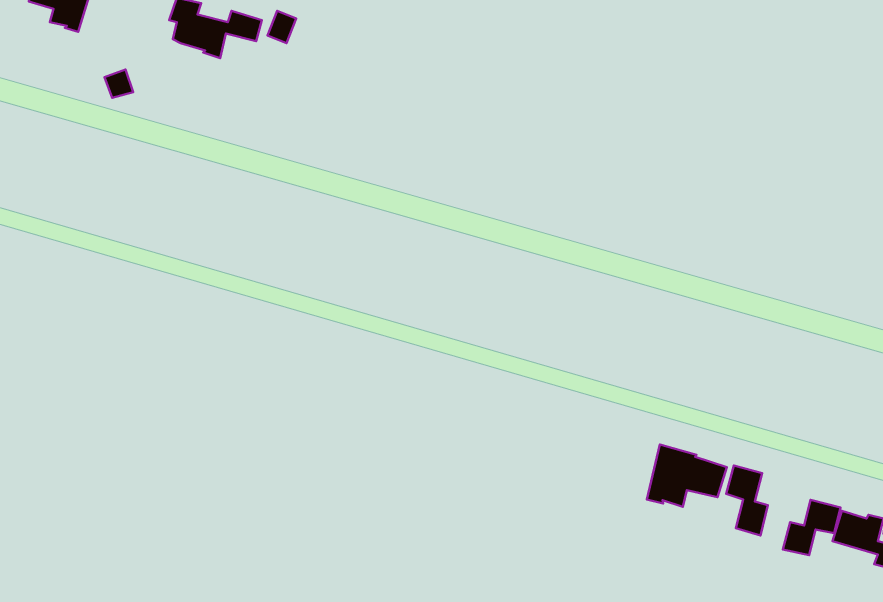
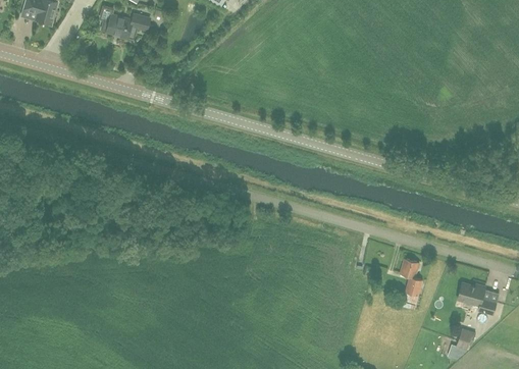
building: [647,444,727,507] -> none
building: [783,500,840,555] -> none

